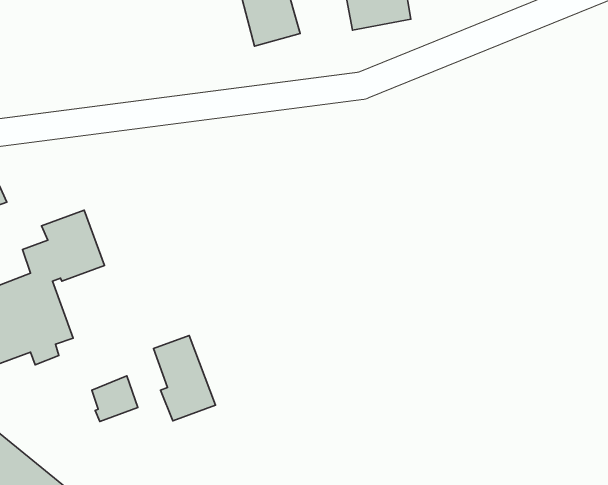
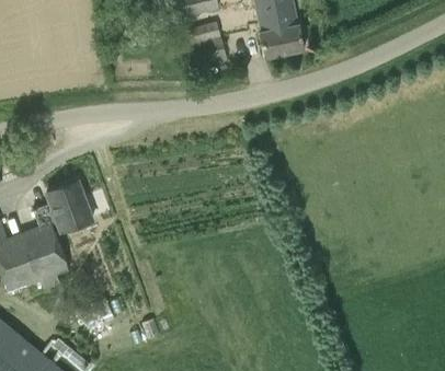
building: [153,336,215,421] -> none

